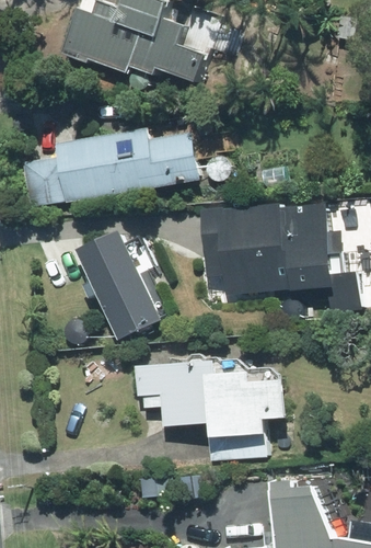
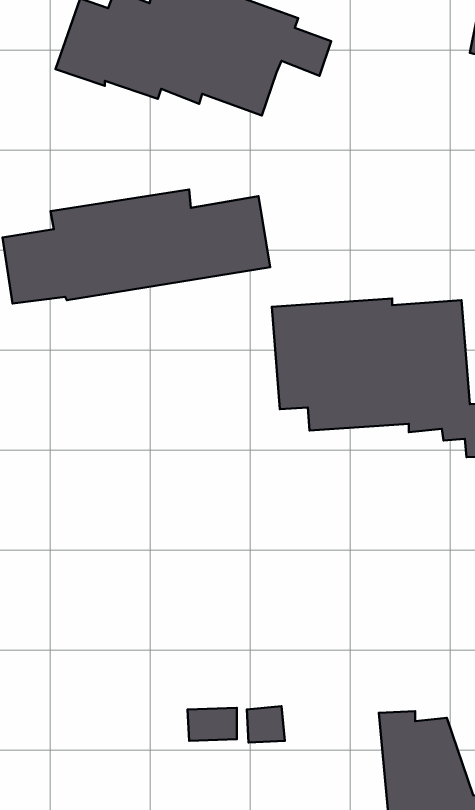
building: [72,231,163,342] -> none
building: [134,364,285,461] -> none

